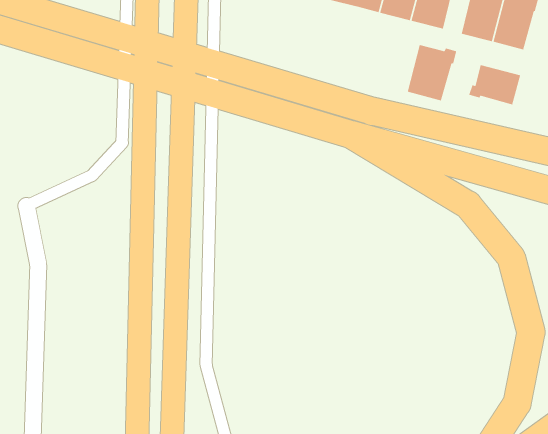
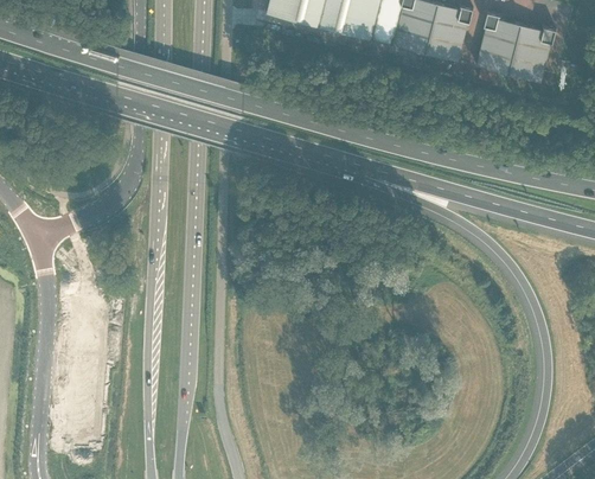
building: [407,44,457,101] -> none
building: [468,64,521,106] -> none

